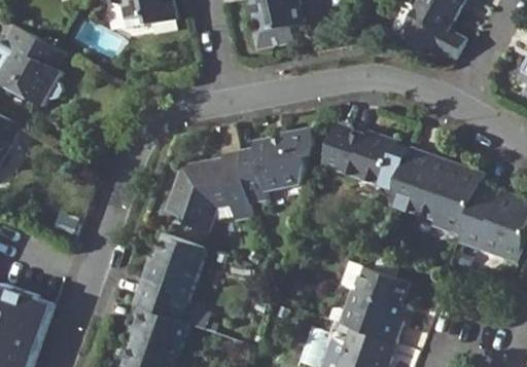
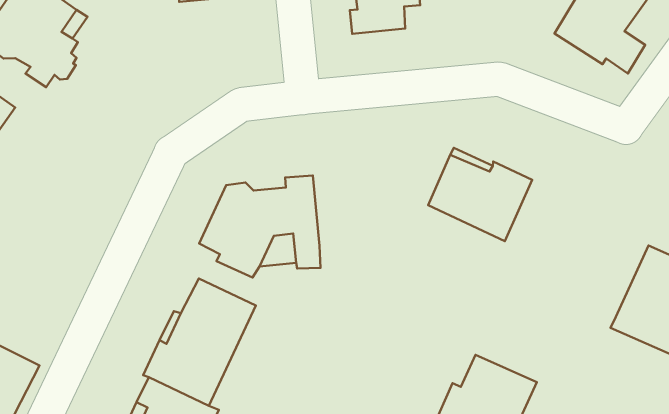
building: [238,131,312,203] -> none
building: [389,145,483,233] -> none

